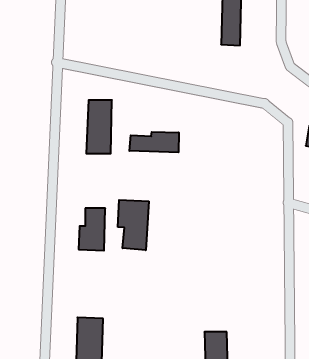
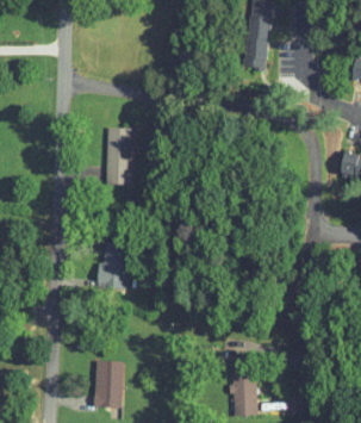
building: [129,132,179,152] -> none
building: [118,200,149,250] -> none

